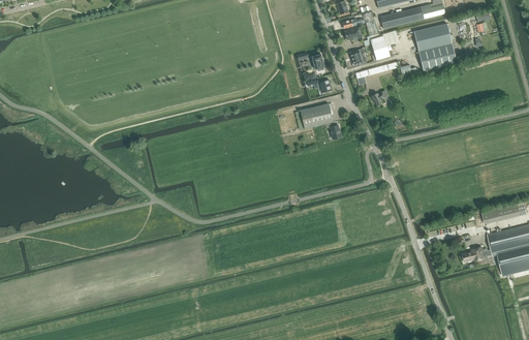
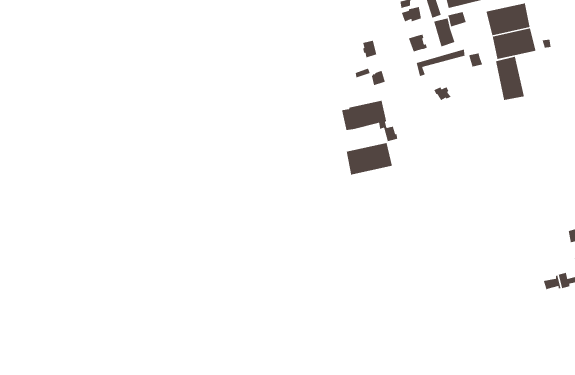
building: none -> [495,56,525,101]
building: none -> [346,142,393,176]

